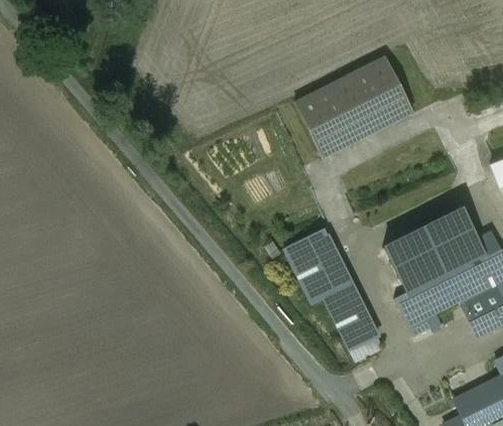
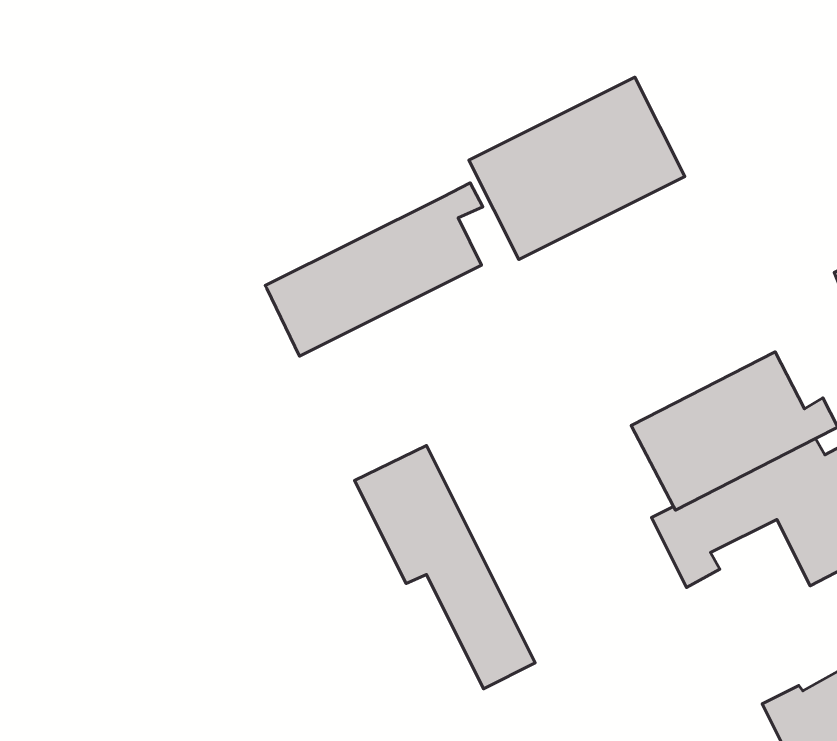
building: none -> [265,183,483,356]
building: [285,228,384,361] -> [355,445,535,689]

